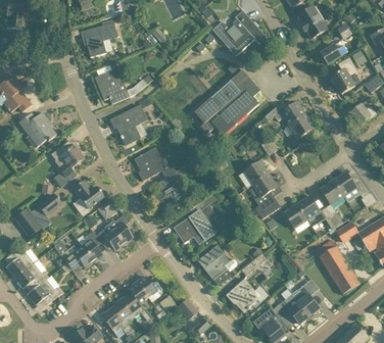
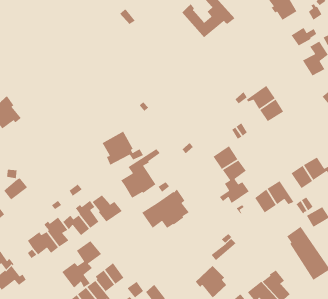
building: [80,22,117,56] -> none
building: [194,66,259,135] -> none
building: [95,67,152,103] -> none
building: [110,105,146,145] -> none
building: [50,145,83,178] -> none
building: [73,180,103,207] -> [92,195,123,223]
building: [197,244,230,280] -> none
building: none -> [61,240,102,289]

